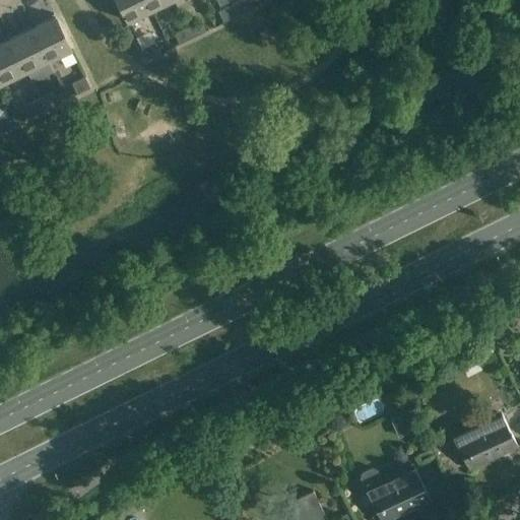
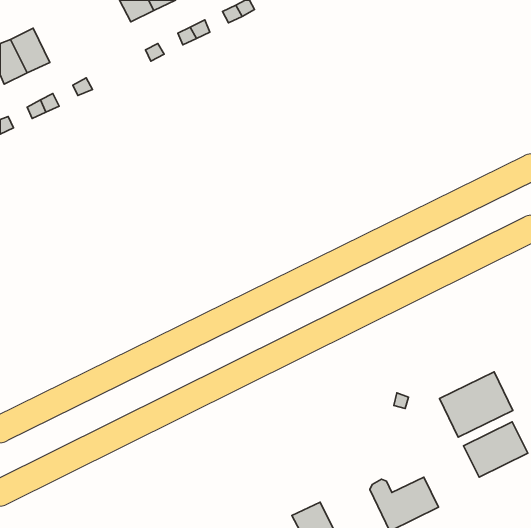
building: [32,19,71,64] -> none
building: none -> [440,372,513,437]

